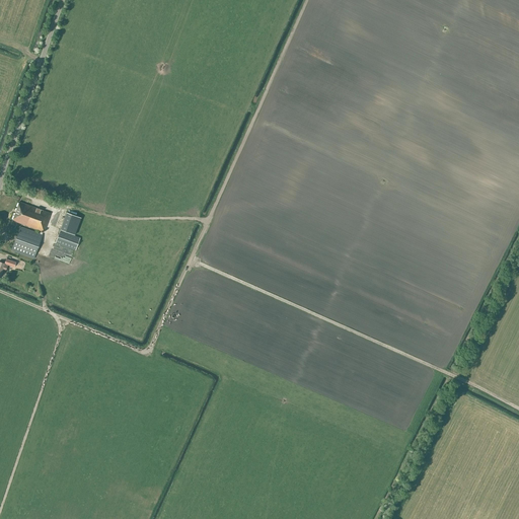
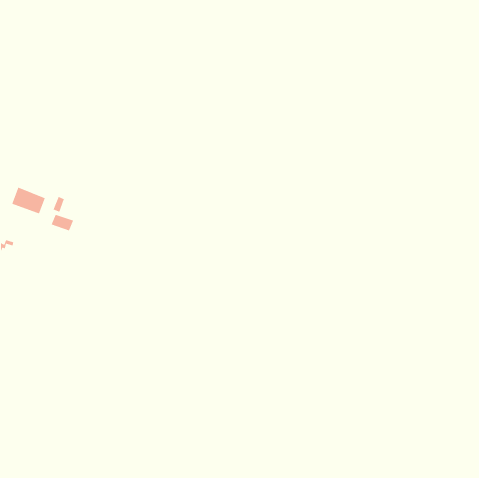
building: [11,227,42,260] -> none

